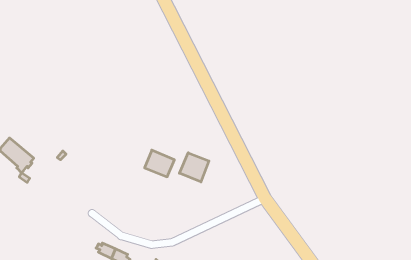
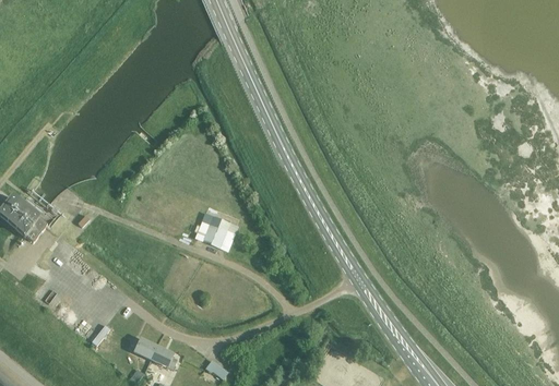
building: [179,153,209,182] -> none

